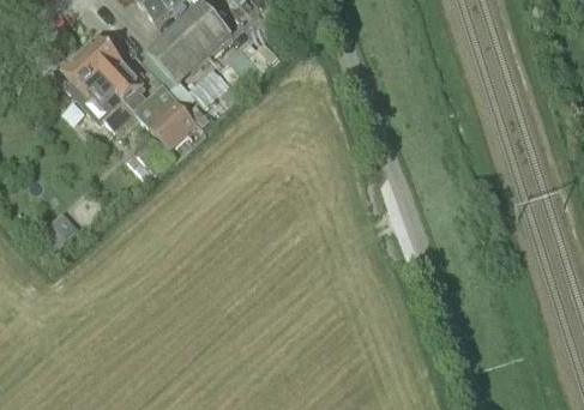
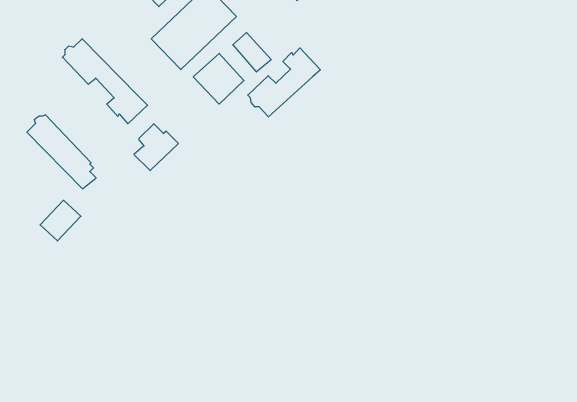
building: [80,35,147,107] -> [27,115,96,189]
building: none -> [248,48,320,117]
building: [149,96,198,145] -> none

